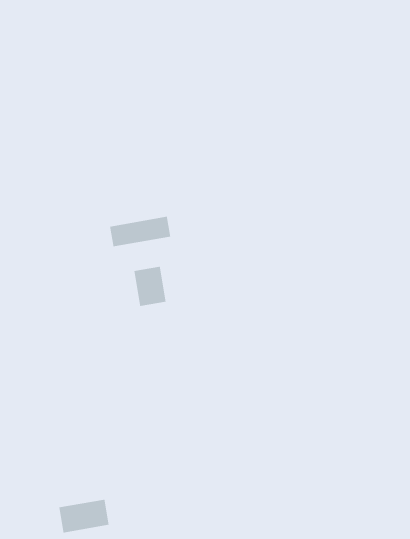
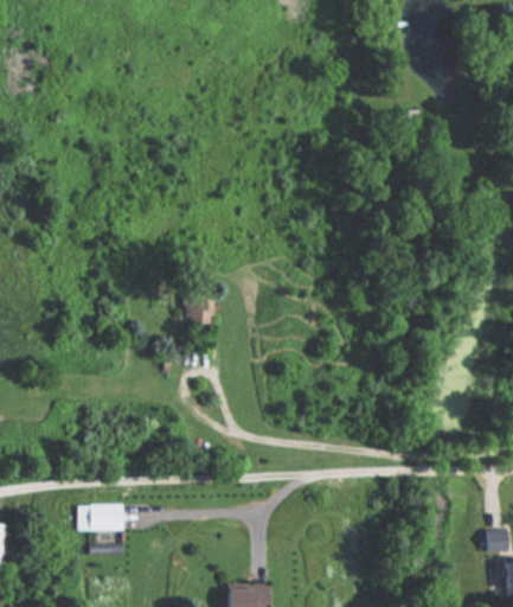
building: [110,216,171,247] -> none

